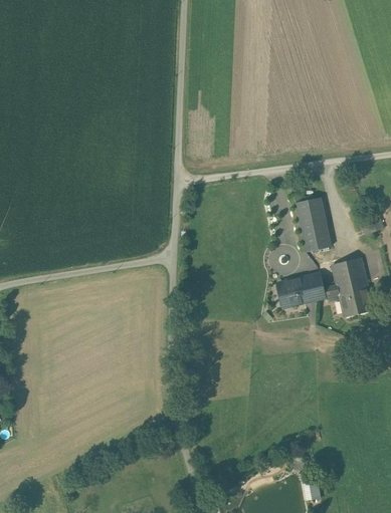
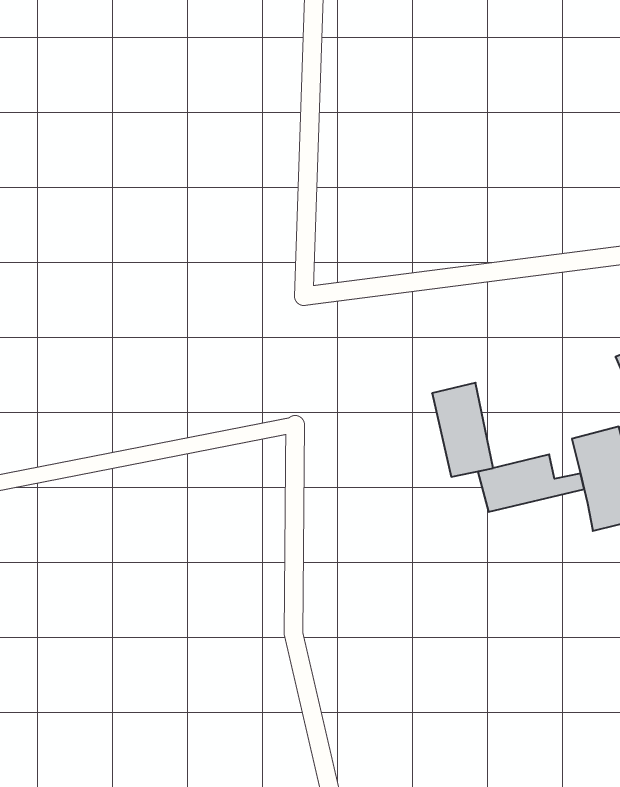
building: [295,197,330,251] -> [432,383,493,477]

